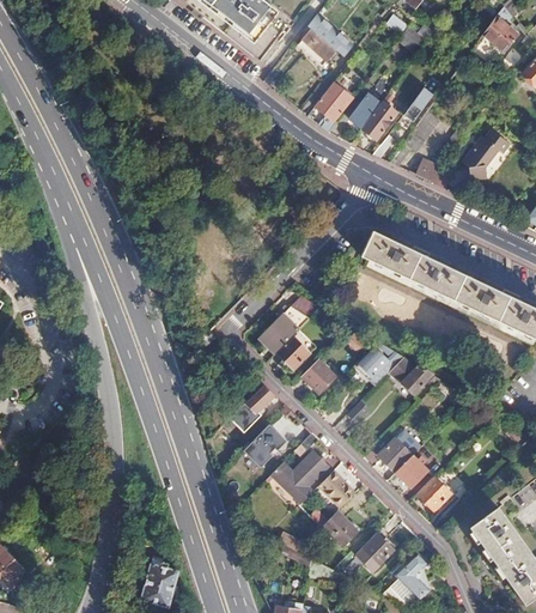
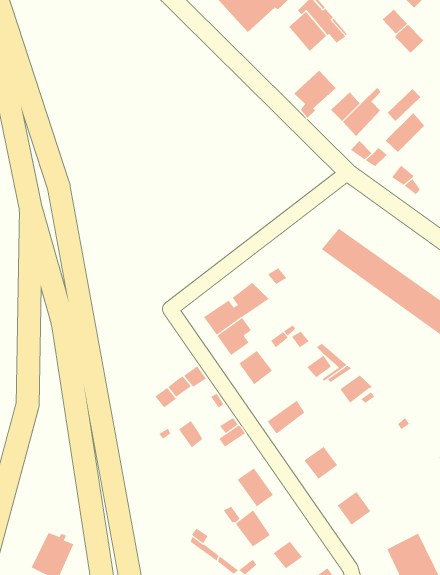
building: [270,450,328,503] -> none
building: [395,455,427,487] -> none

